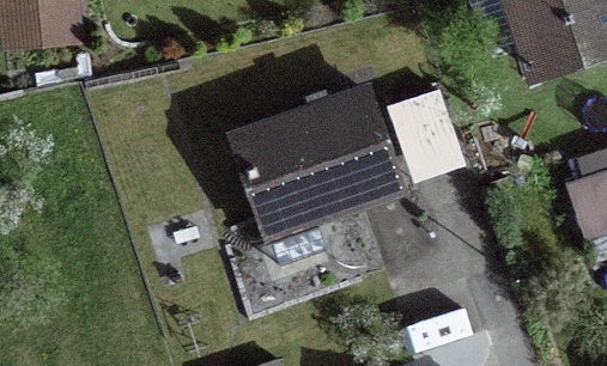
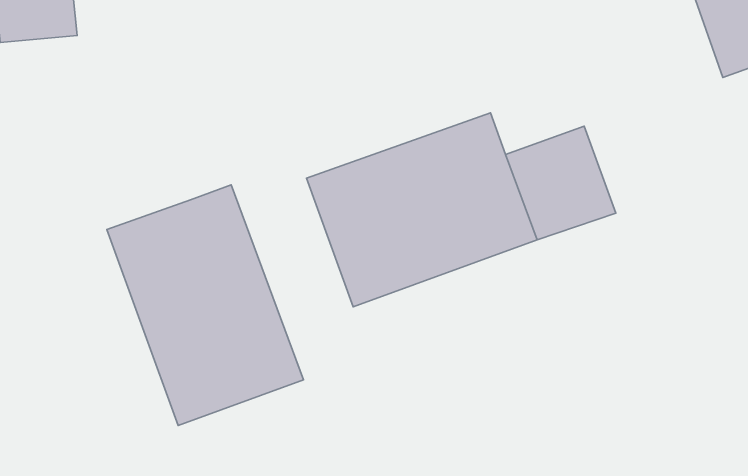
building: none -> [107,185,304,426]

